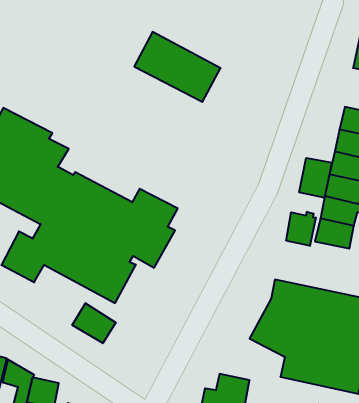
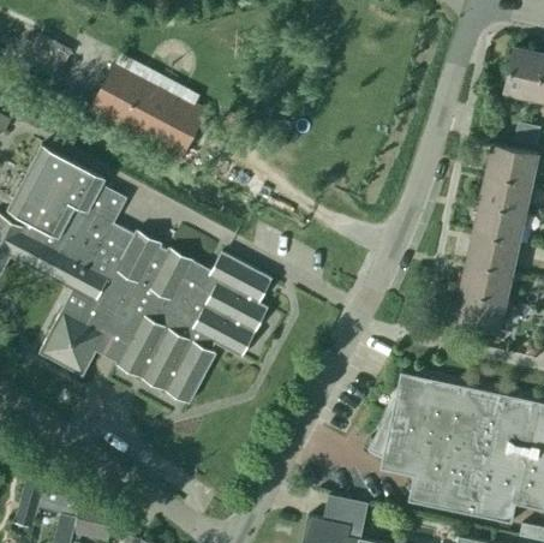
building: [134,32,221,102] -> [90,64,204,156]
building: [299,158,332,198] -> none
building: [286,212,316,246] -> none
building: [72,303,116,343] -> none

